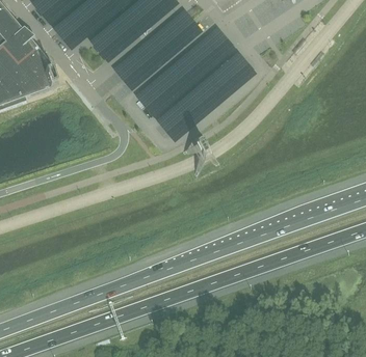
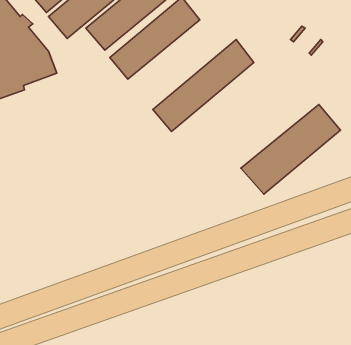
building: [133,26,234,116] -> none
building: none -> [241,104,341,194]

